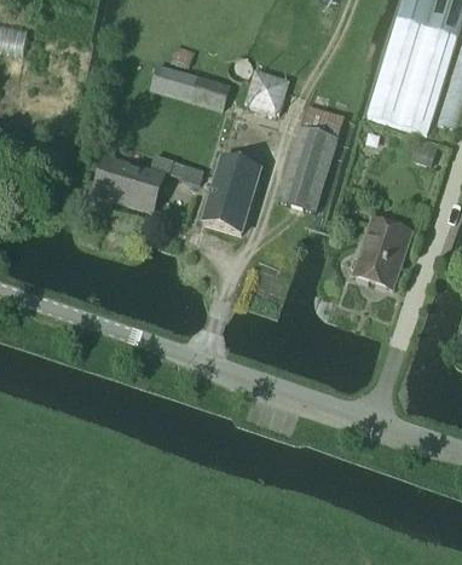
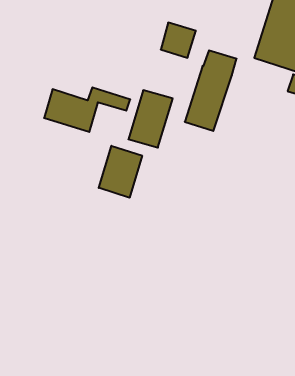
building: [151,64,227,109] -> none
building: [351,219,406,286] -> none
building: none -> [99,146,142,198]

